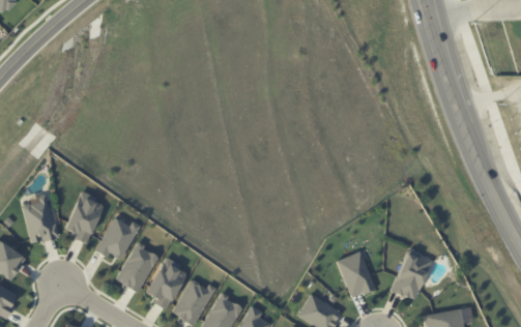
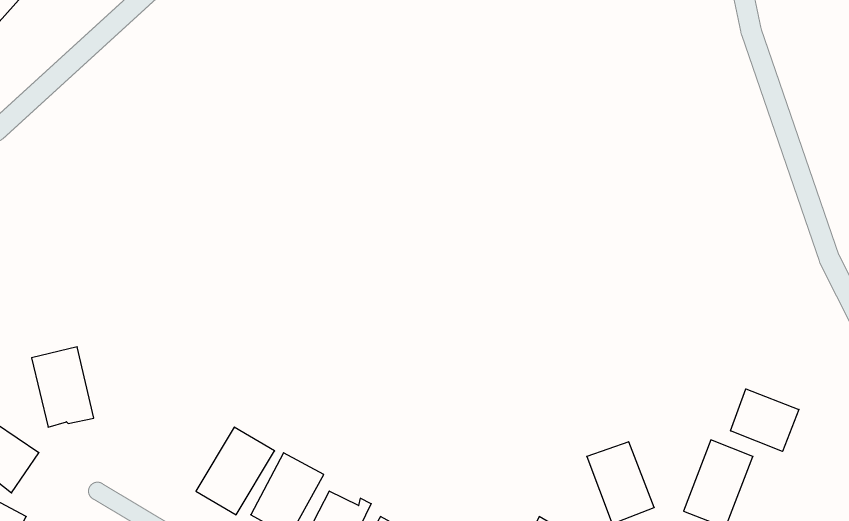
building: [63,192,105,242] -> none
building: [96,217,139,260] -> none
building: none -> [731,389,799,451]

